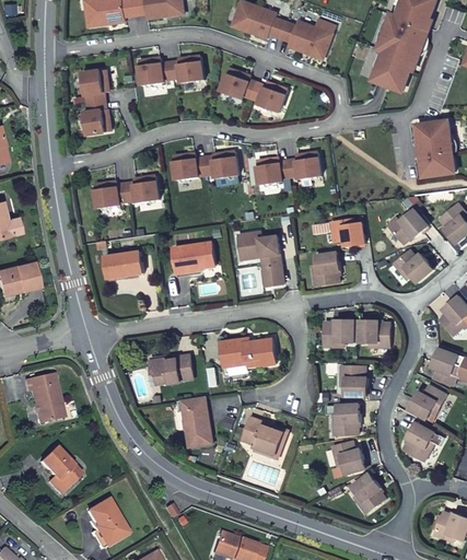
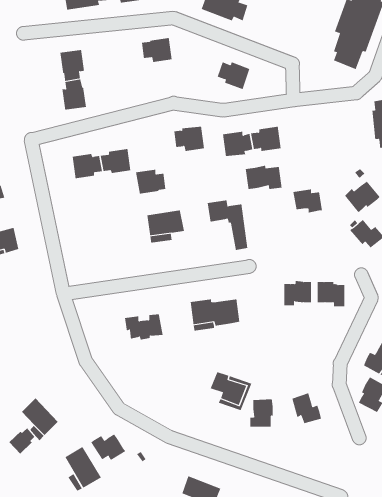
building: [279,21,331,59] -> none
building: [137,58,171,85] -> none
building: [221,69,256,100] -> none
building: [172,153,206,180] -> [135,169,166,194]
building: none -> [245,165,282,190]
building: [105,252,142,278] -> none
building: [314,253,340,287] -> none
building: [340,366,366,397] -> none
building: [23,373,61,422] -> none
building: [180,396,211,446] -> none
building: [332,405,359,435] -> [249,399,274,427]
building: [351,474,385,514] -> none
building: none -> [8,427,35,454]
building: none -> [90,433,126,461]

